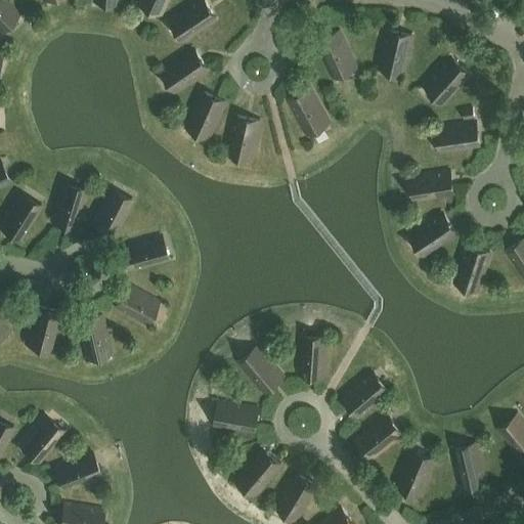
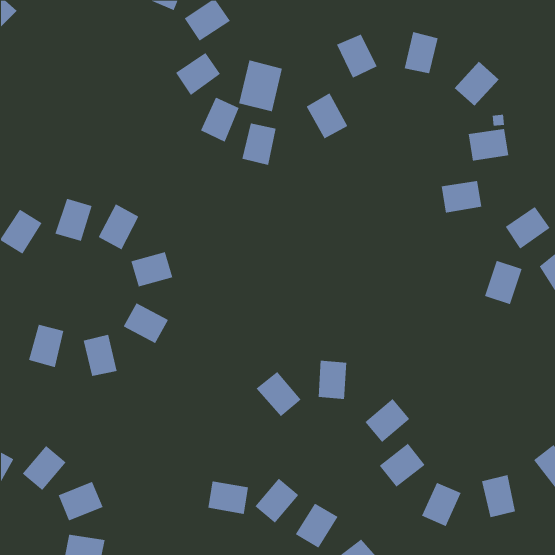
building: none -> [238,60,283,112]
building: [414,214,457,255] -> [505,206,550,250]
building: [220,402,259,434] -> [207,481,249,514]

